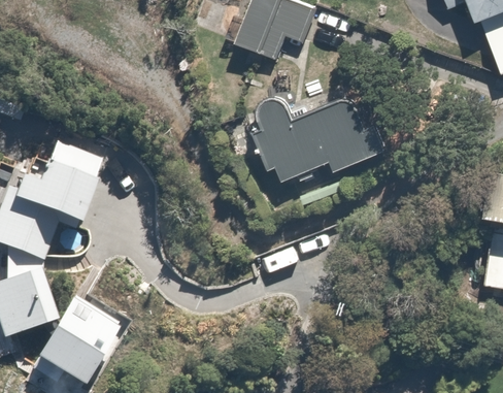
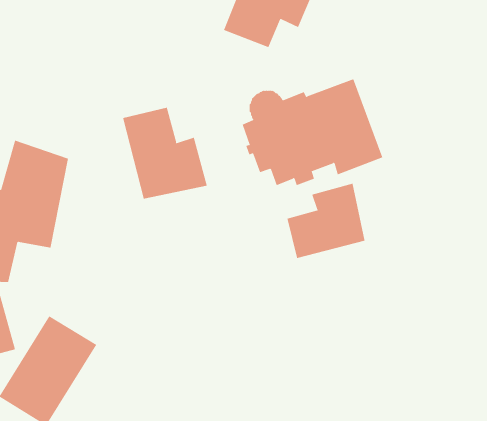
building: none -> [122,107,208,199]
building: none -> [287,183,365,259]

